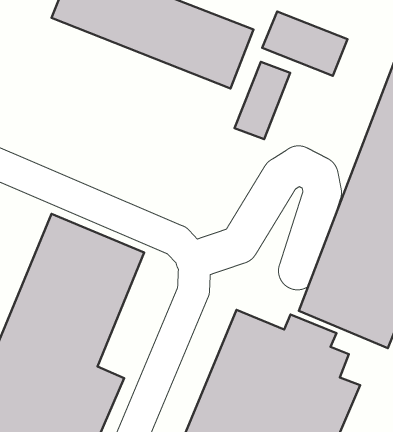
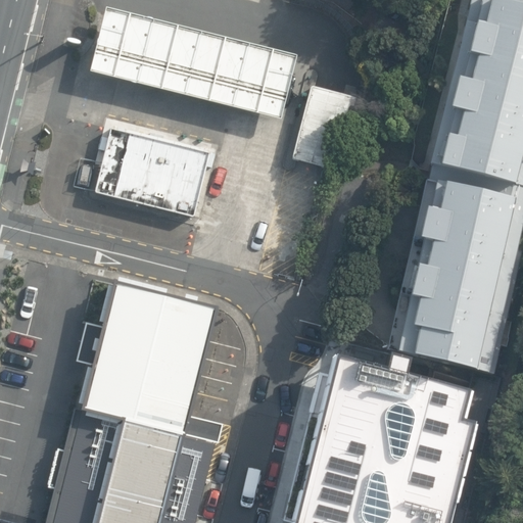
building: [262,11,348,76] -> none
building: none -> [96,132,207,217]

